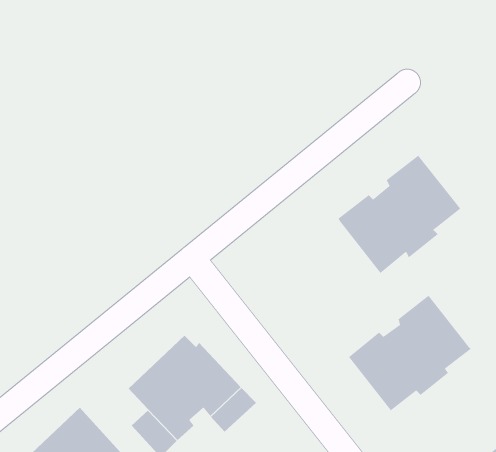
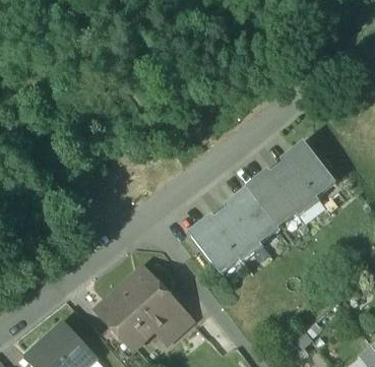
building: [348,295,471,411] -> [191,188,279,271]

